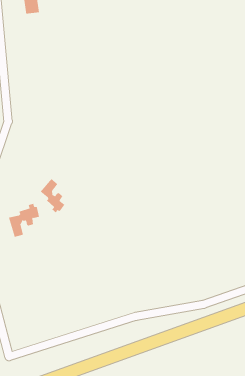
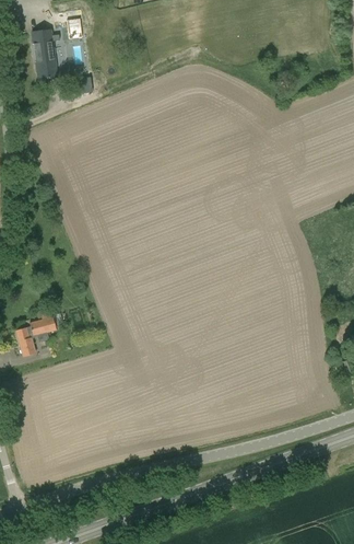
building: [40,178,65,213] -> none

